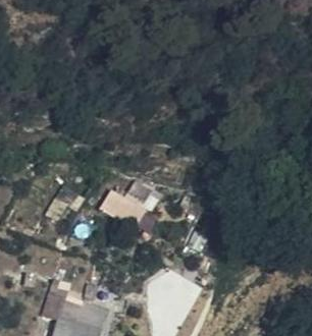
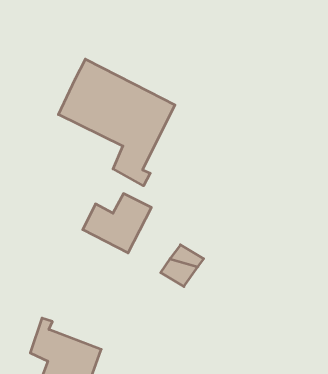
building: none -> [58,59,175,186]

